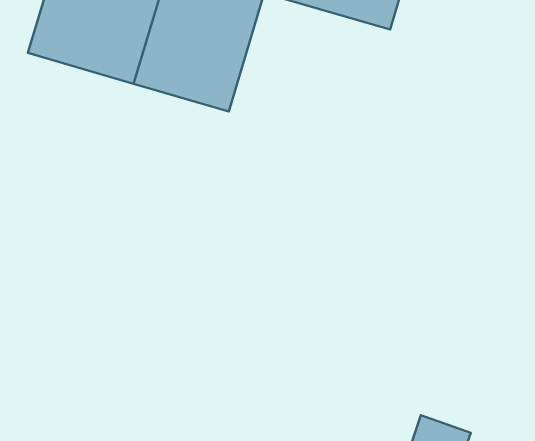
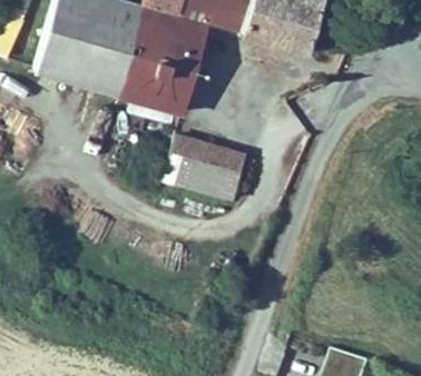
building: none -> [161,135,248,202]

